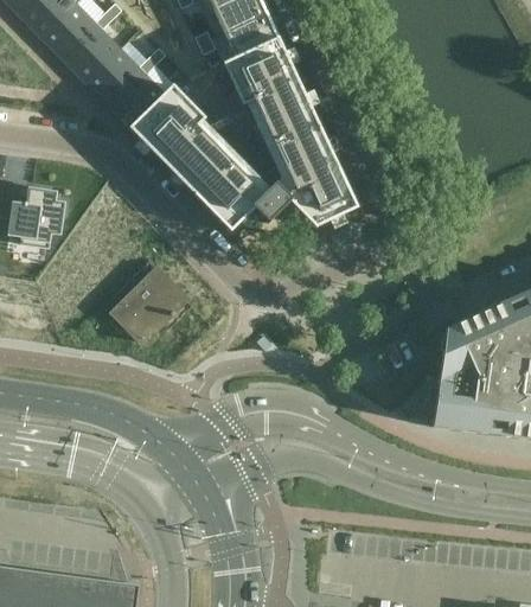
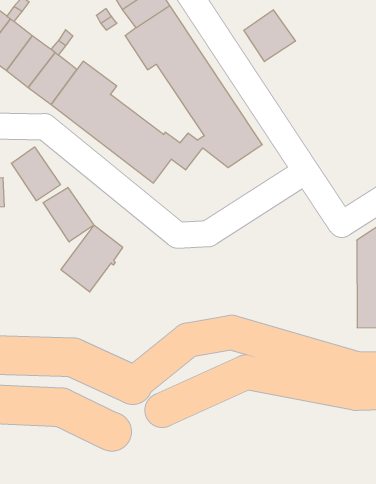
building: none -> [244,10,295,62]
building: none -> [11,147,60,201]
building: none -> [43,187,94,242]

